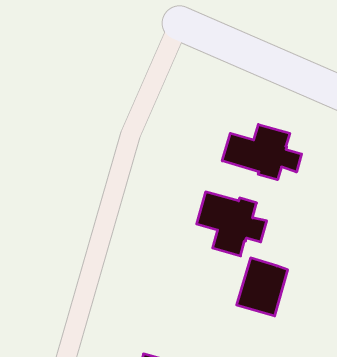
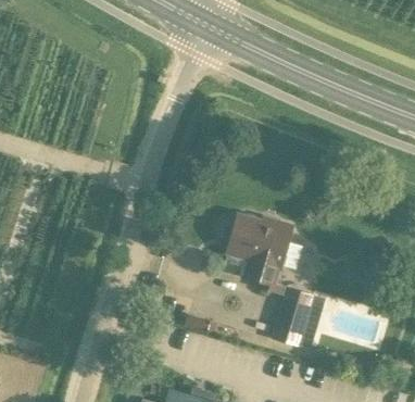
building: [222,124,302,180] -> none

